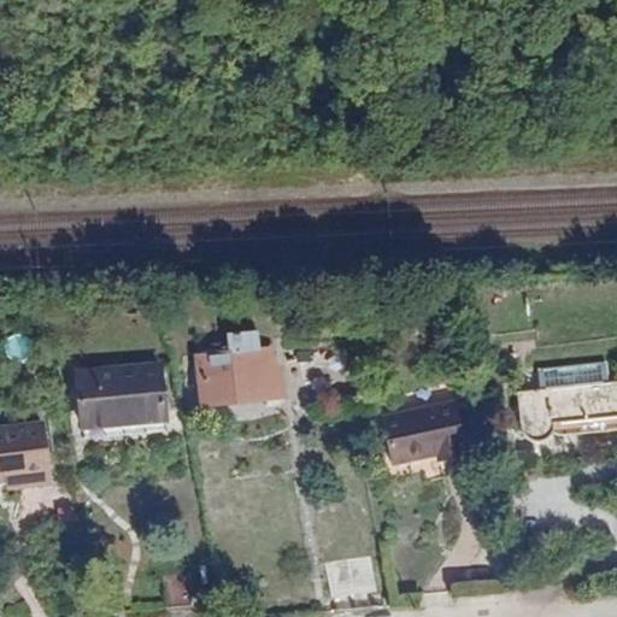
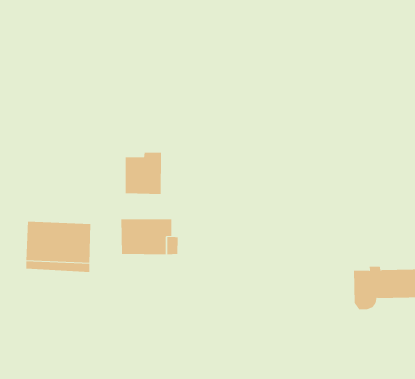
building: none -> [125,152,162,195]
building: [382,399,465,462] -> none

